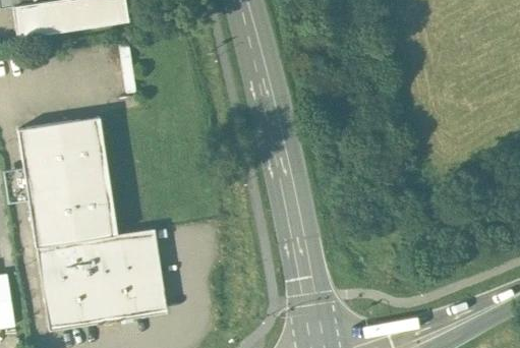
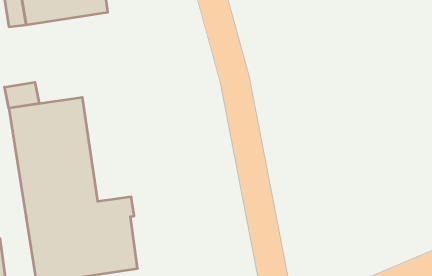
building: none -> [4,82,39,108]

